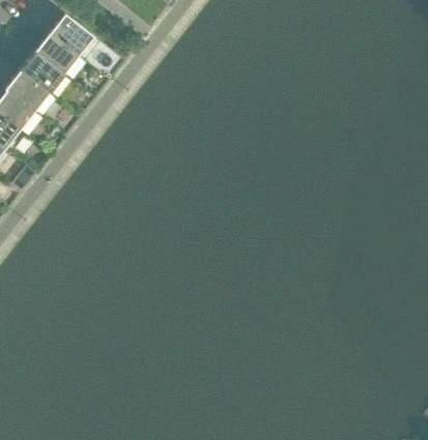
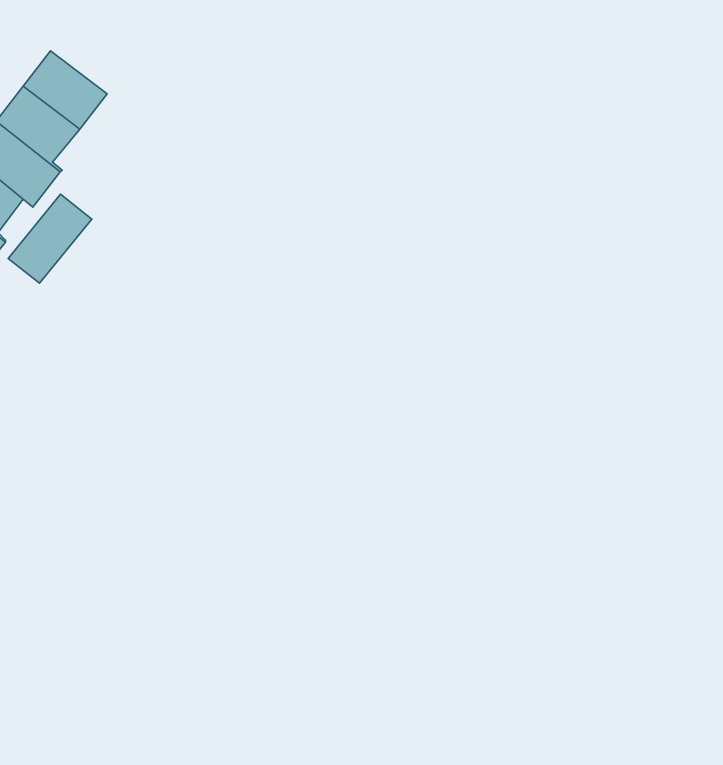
building: [48,13,93,56] -> none
building: none -> [8,194,92,283]

